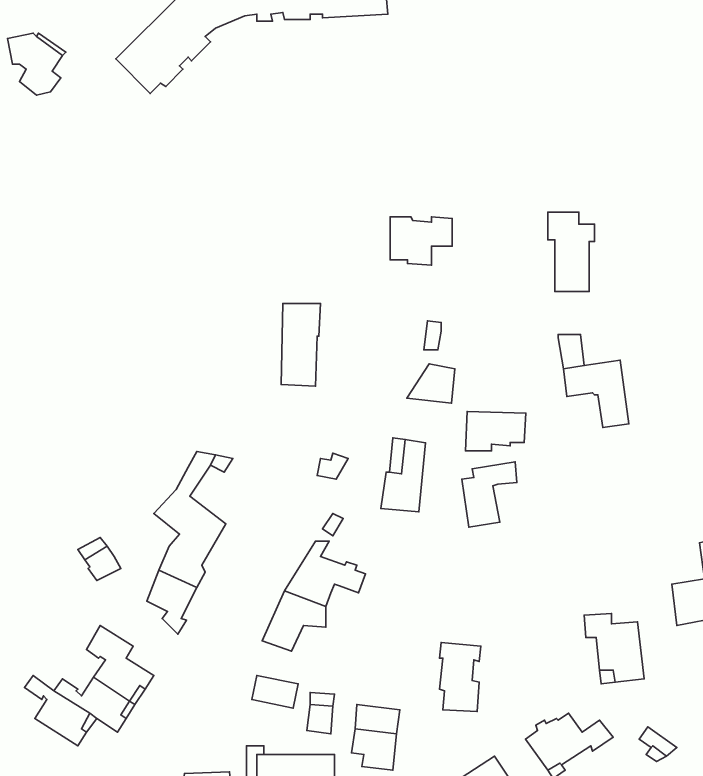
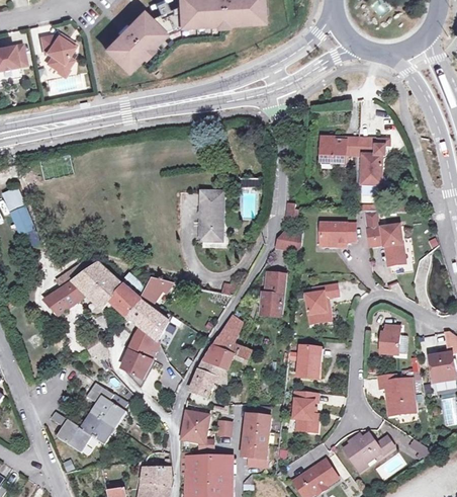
building: [390,217,452,265] -> [321,138,357,166]
building: [466,411,526,451] -> [319,220,355,243]
building: none -> [44,261,146,316]
building: none -> [379,325,400,353]
building: none -> [297,347,323,380]
building: none -> [245,406,271,431]
building: none -> [181,425,213,451]

